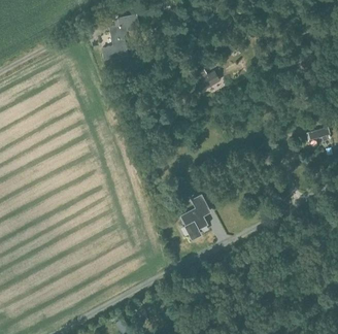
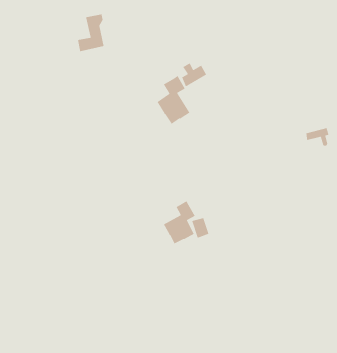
building: none -> [156,75,191,125]

